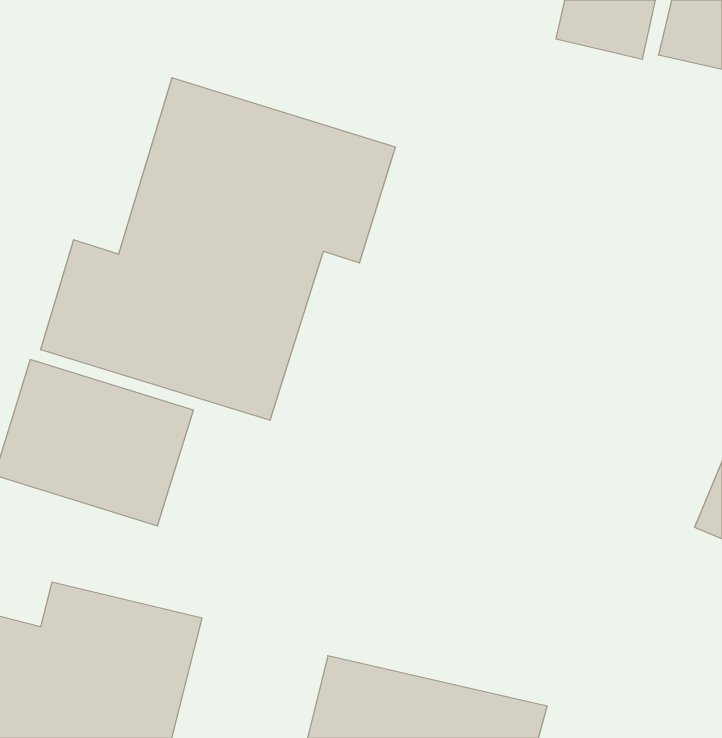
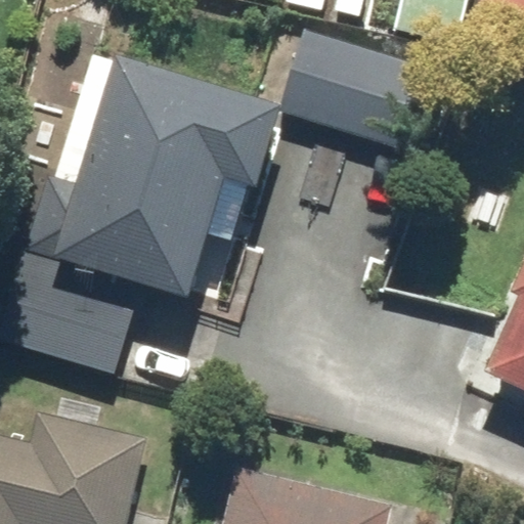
building: none -> [280,31,412,144]

